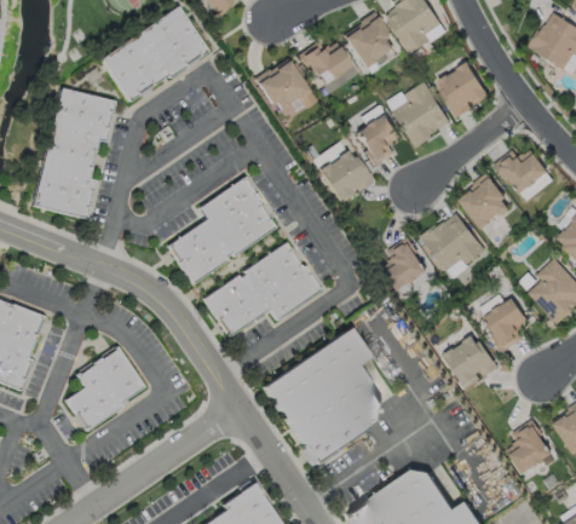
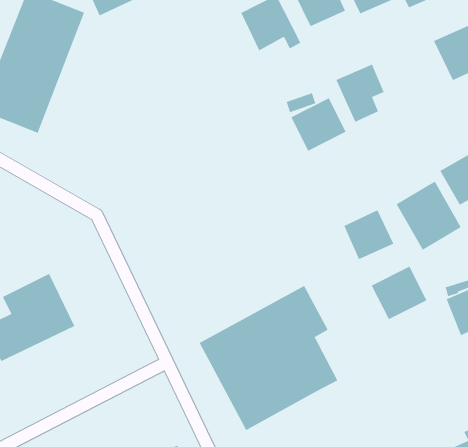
building: [388,81,451,145] -> none
building: [166,178,278,287] -> none
building: [201,241,319,340] -> none
building: [440,332,494,384] -> [371,266,427,320]

